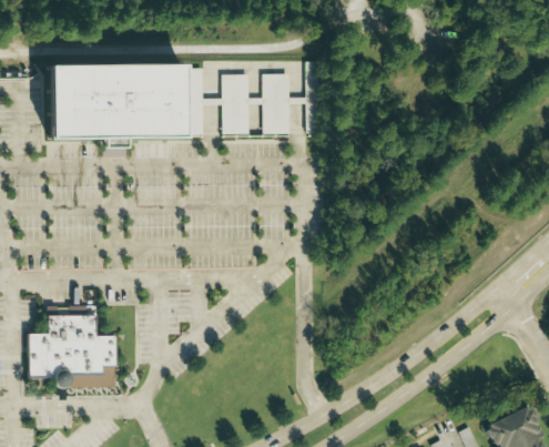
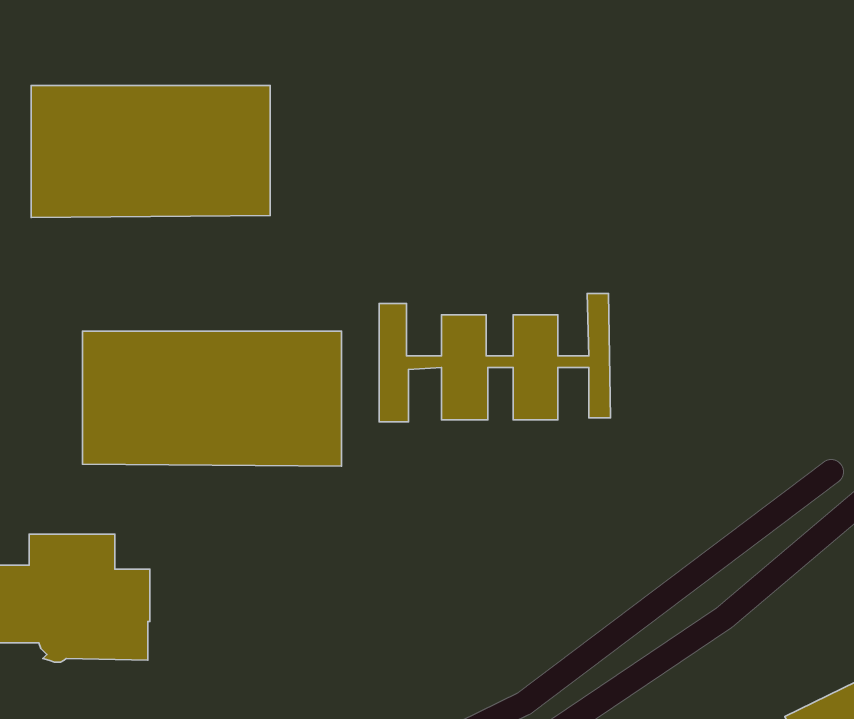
building: [187,64,319,138] -> [379,294,610,422]
building: none -> [82,331,342,466]

